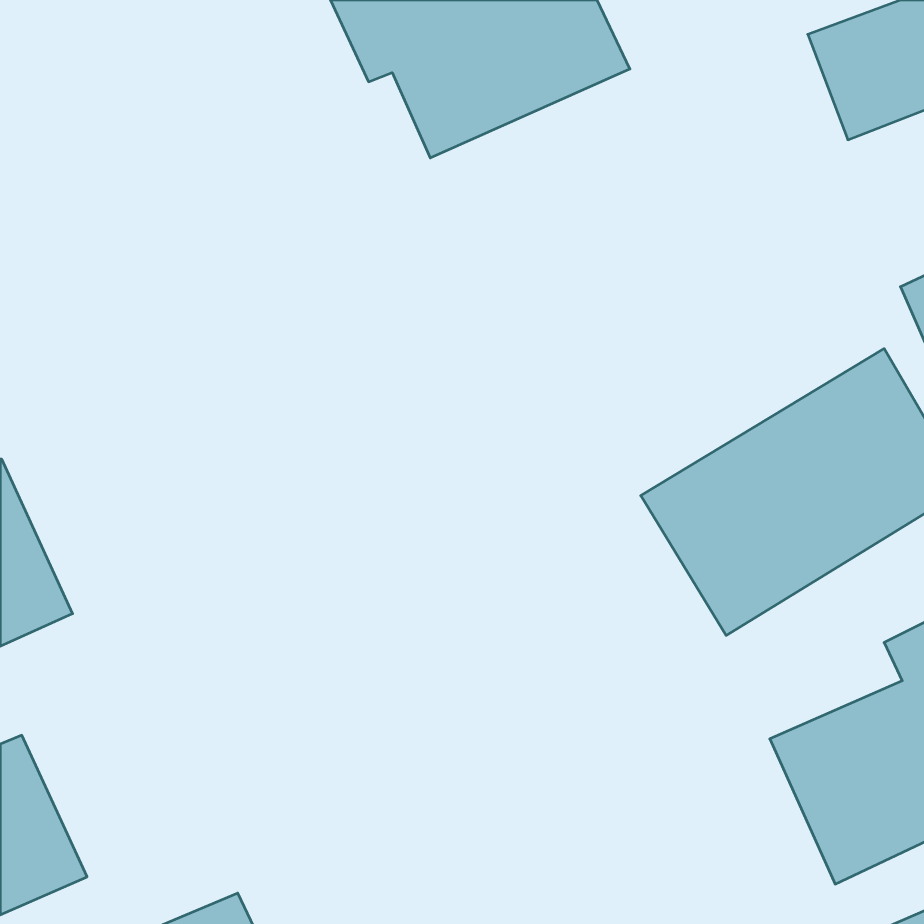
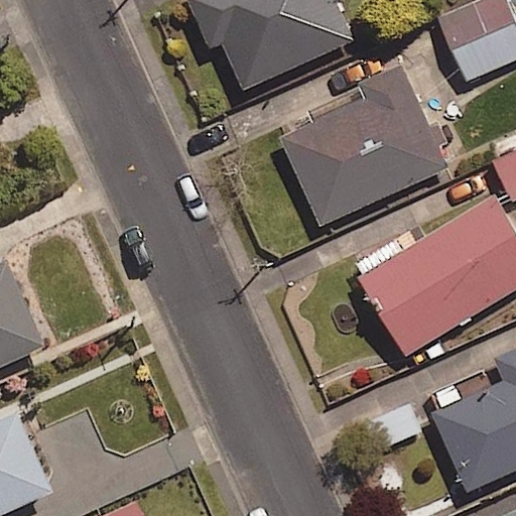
building: none -> [278,64,446,226]

